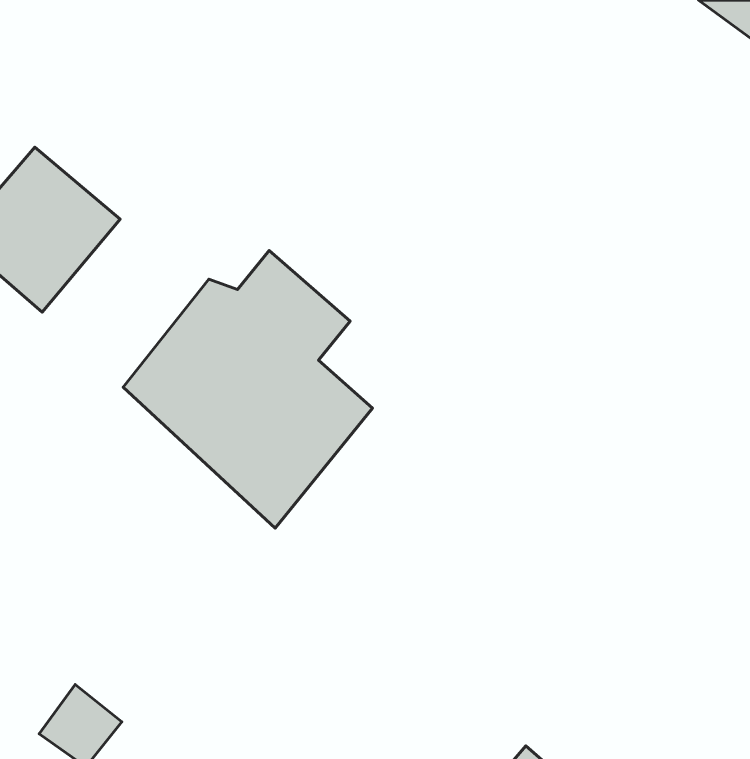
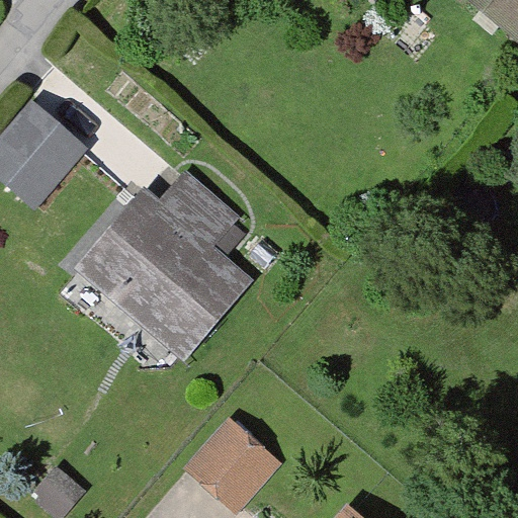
building: none -> [183,415,279,511]

